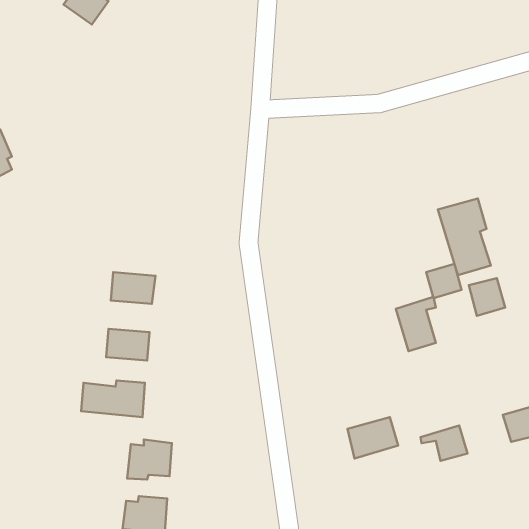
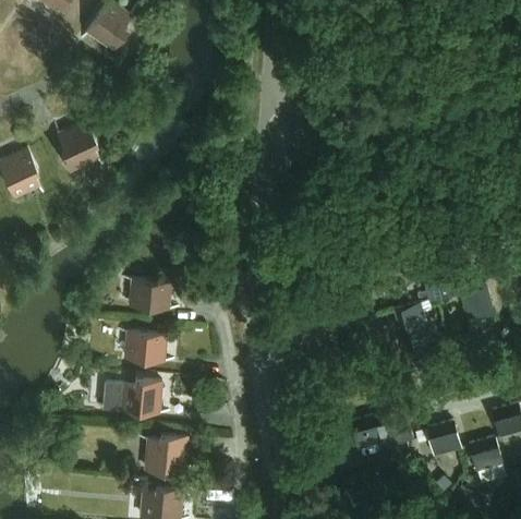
building: none -> [58,121,98,171]
building: [438,199,491,275] -> none
building: none -> [469,438,502,471]

